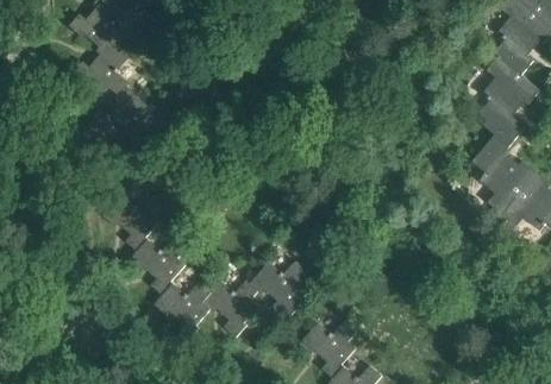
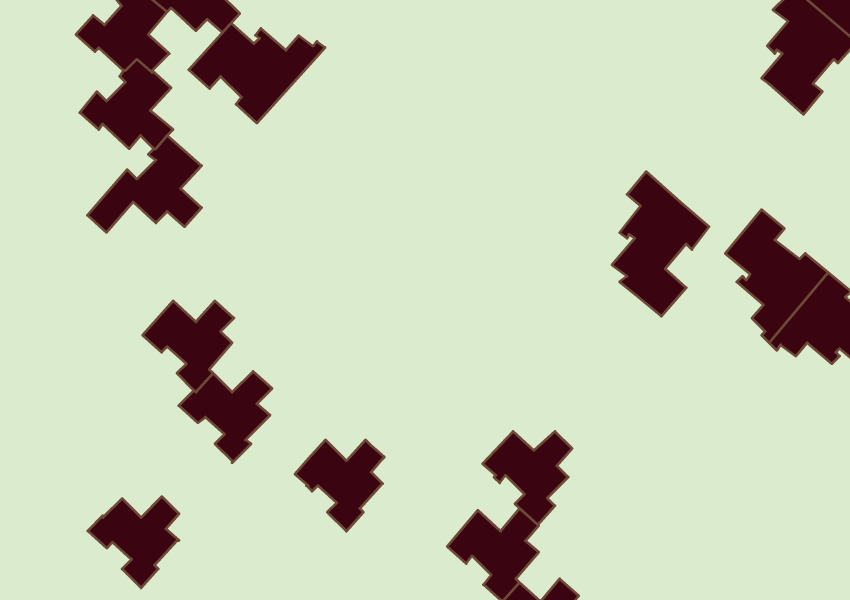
building: none -> [189,23,325,123]
building: [478,56,539,146] -> [612,172,709,316]
building: [251,262,307,320] -> [483,431,572,525]
building: [155,279,212,336] -> [88,497,179,588]

